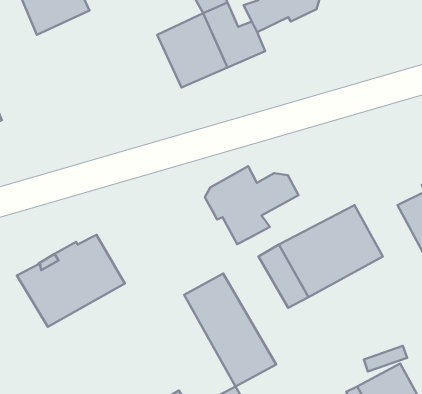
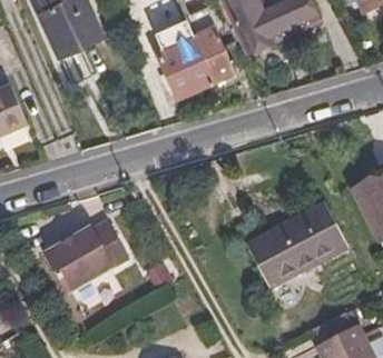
building: [205,166,299,244] -> none
building: [184,273,276,386] -> none

